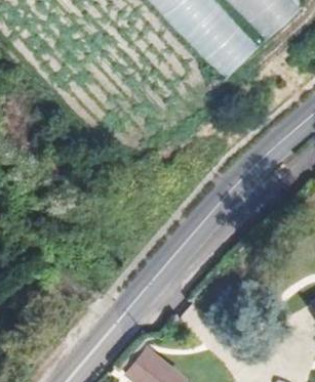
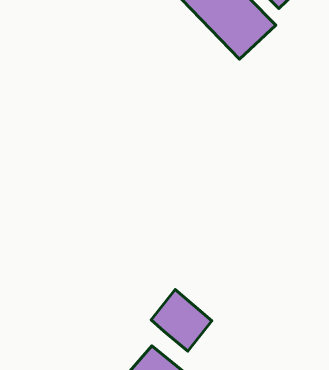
building: none -> [151,290,212,351]

